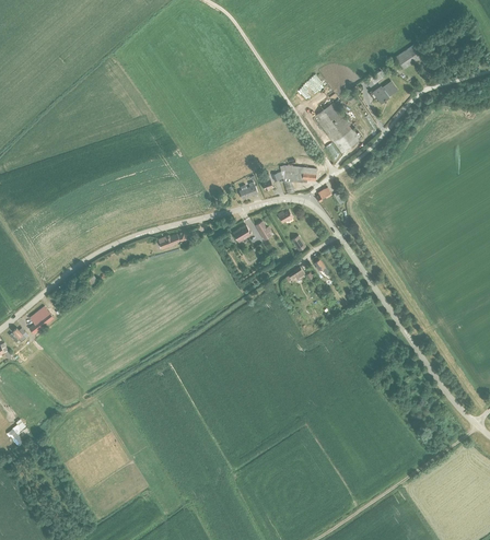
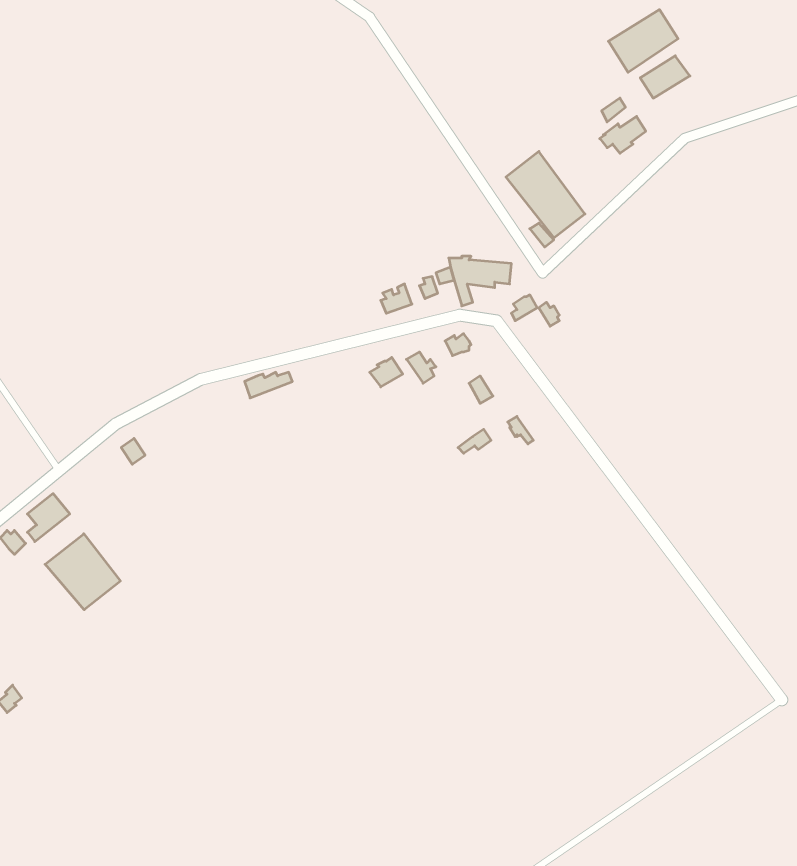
building: none -> [608,10,678,72]
building: none -> [45,534,120,610]

